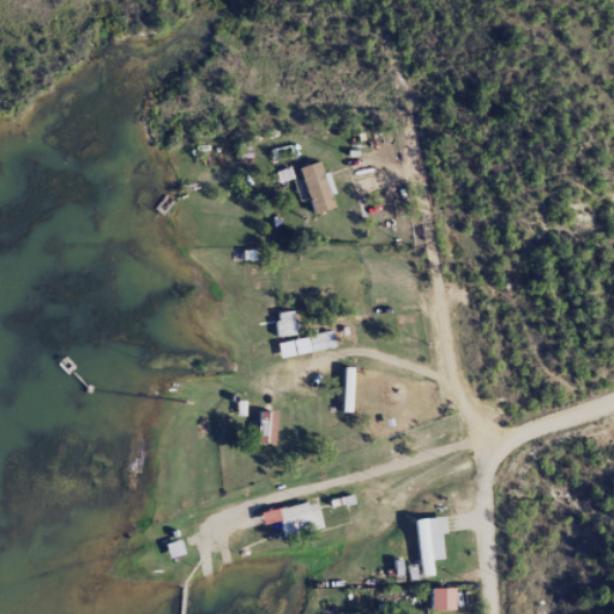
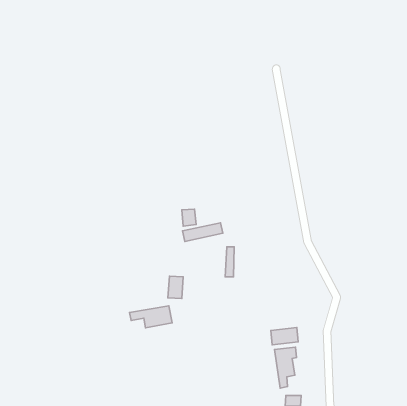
building: [303,161,333,212] -> none
building: none -> [271,328,298,345]
building: [260,501,324,534] -> [129,306,172,328]

